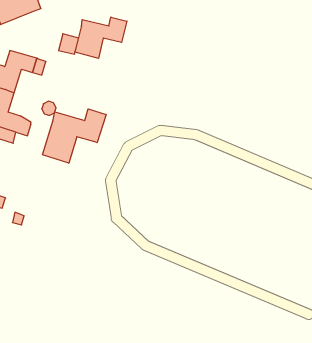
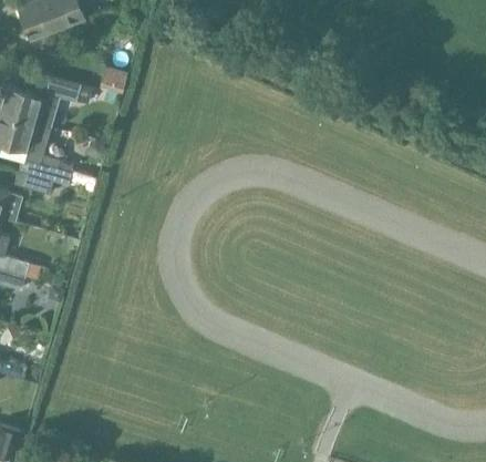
building: [75,17,127,58] -> none
building: [43,109,106,163] -> none

